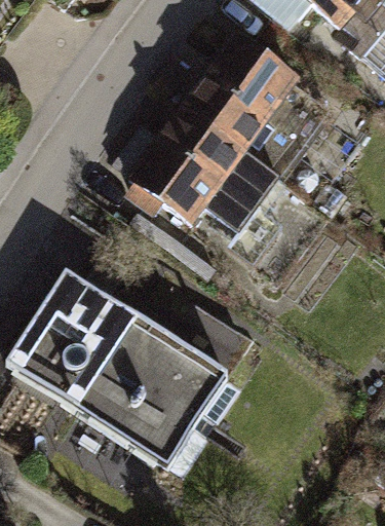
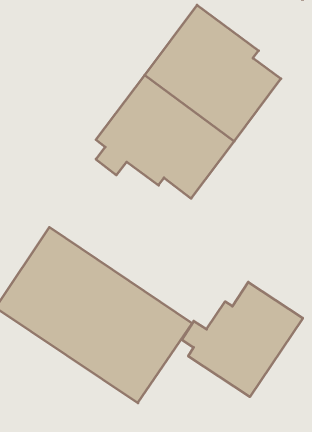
building: none -> [182,282,303,397]

